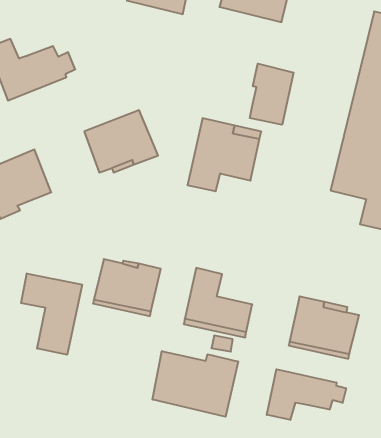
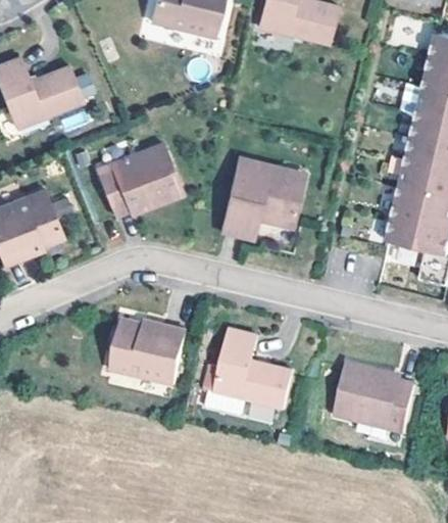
building: [250,64,294,125] -> none
building: [21,273,82,355] -> none
building: [153,351,238,417] -> none
building: [267,369,346,420] -> none

